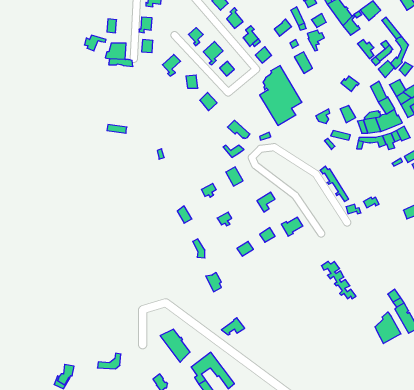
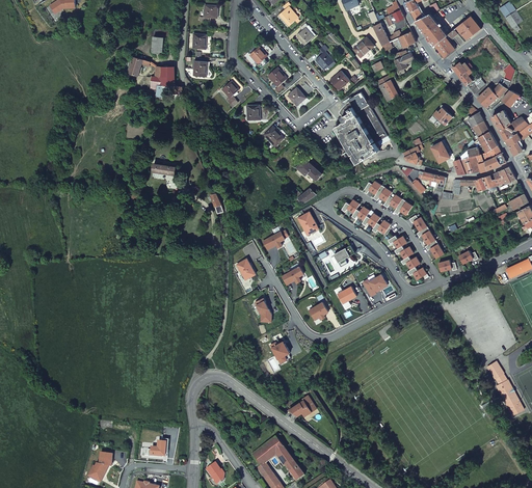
building: none -> [362,182,415,217]
building: none -> [341,200,390,235]
building: [321,261,356,299] -> [385,235,427,279]
building: [375,312,401,344] -> none
building: [160,329,190,362] -> none

